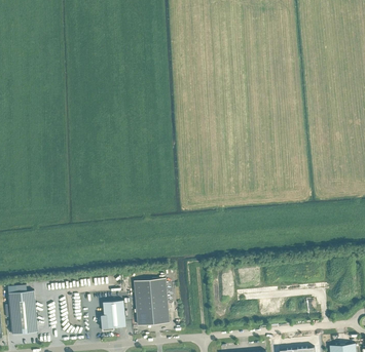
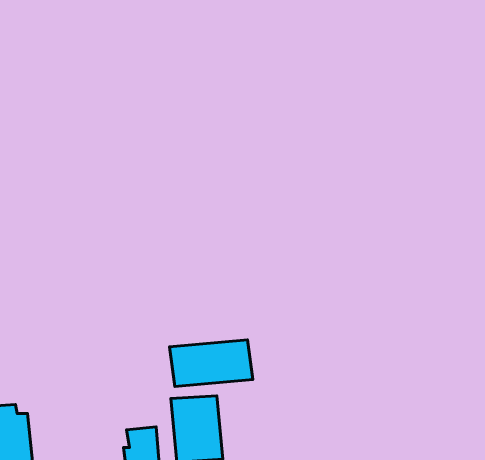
building: none -> [170,340,253,387]

